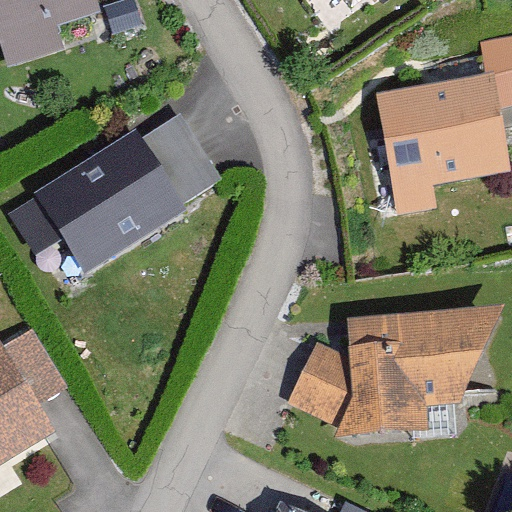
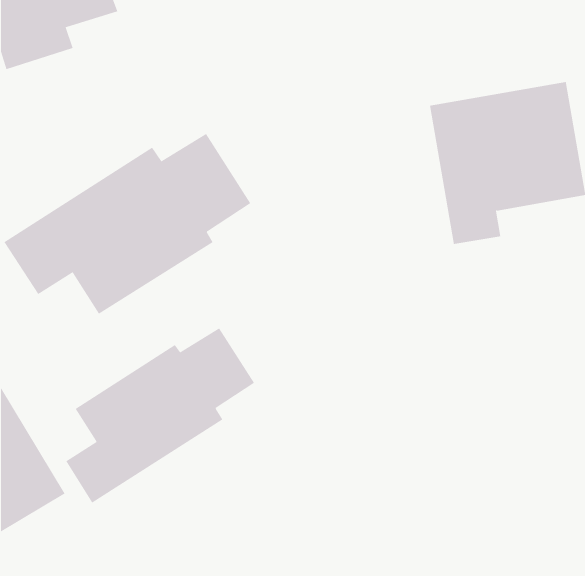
building: none -> [66,327,255,503]
building: [288,309,504,437] -> none

